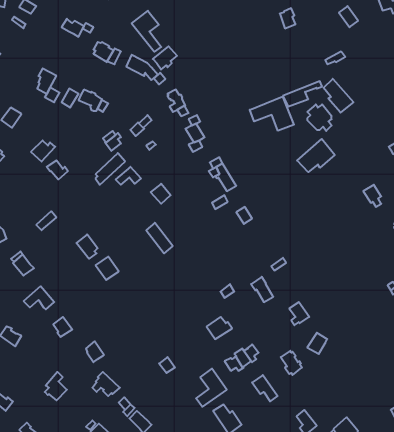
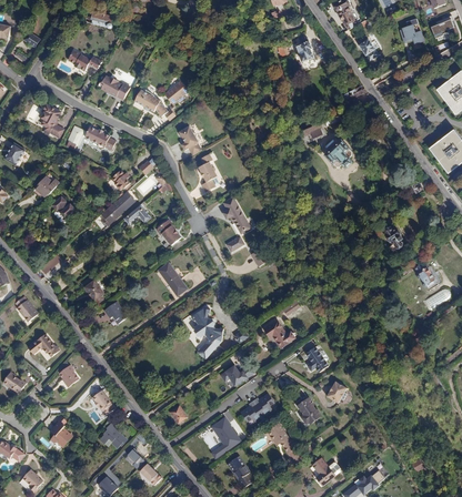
building: [132,11,161,52] -> none
building: [324,79,353,113] -> none
building: [250,96,294,131] -> none
building: [297,139,335,172] -> none
building: none -> [191,308,223,359]

